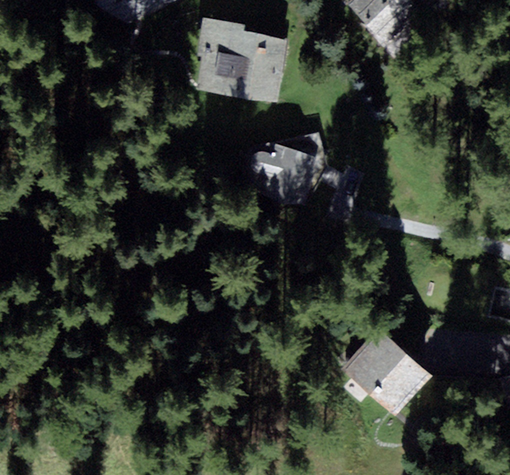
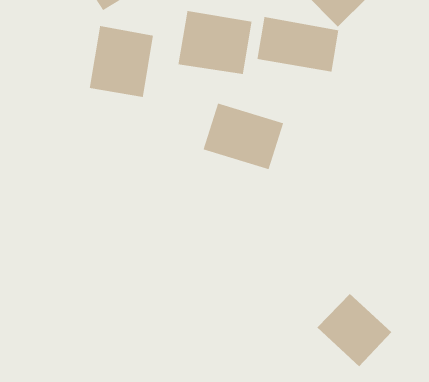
building: none -> [257,16,339,72]
building: none -> [89,25,154,98]

